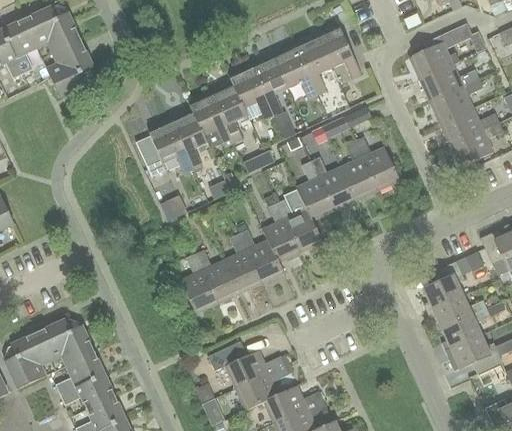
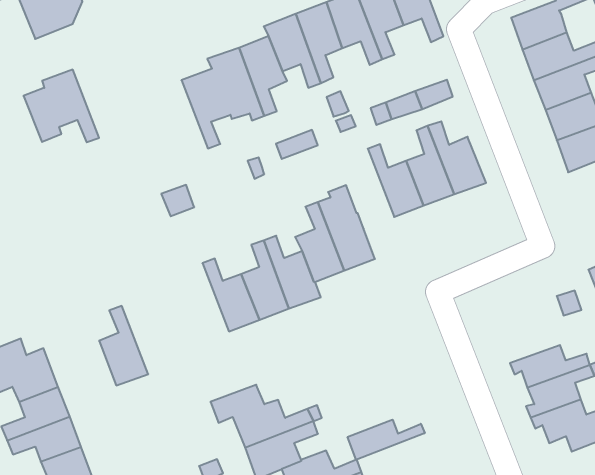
building: [135,120,193,175] -> [23,70,99,142]
building: [296,161,334,220] -> none
building: [180,254,218,313] -> [99,306,148,385]
building: [423,261,465,312] -> none
building: none -> [348,420,425,460]

